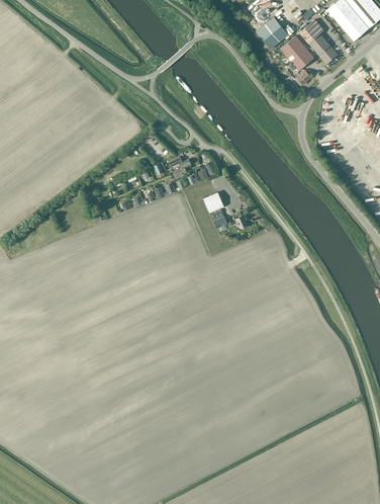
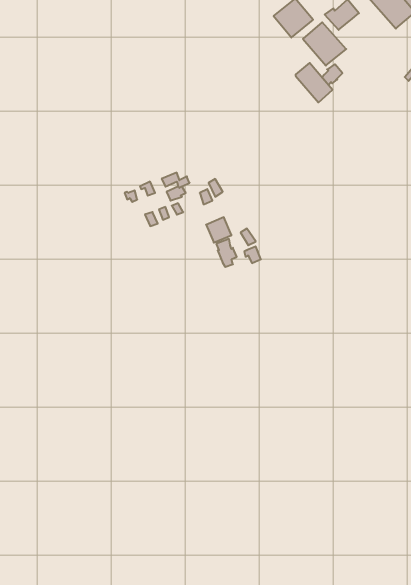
building: [308,33,338,65] -> [296,63,332,102]

